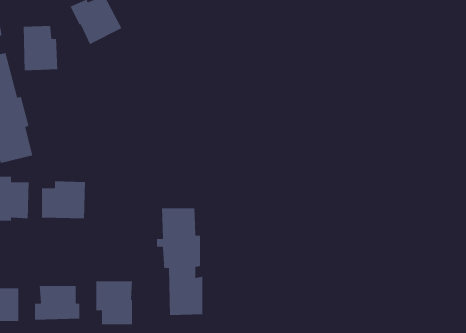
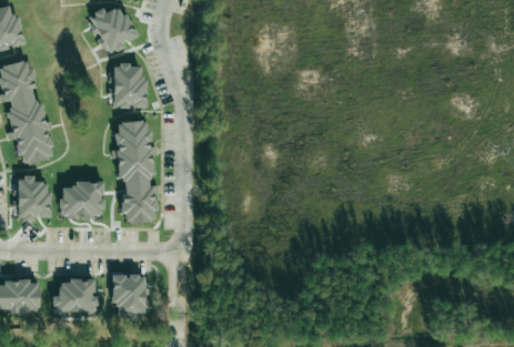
building: [23,25,58,71] -> [113,64,147,108]
building: [156,208,203,316] -> [112,121,157,223]

